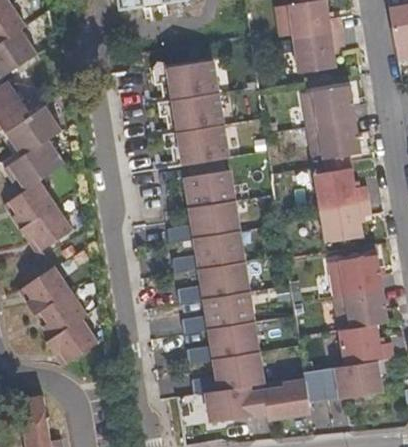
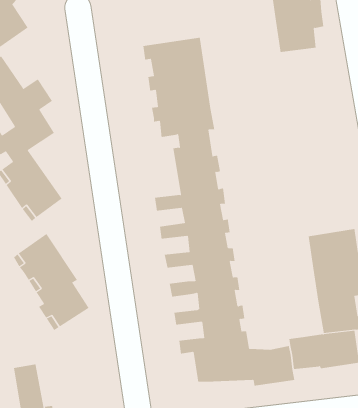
building: [299,88,368,246] -> none

